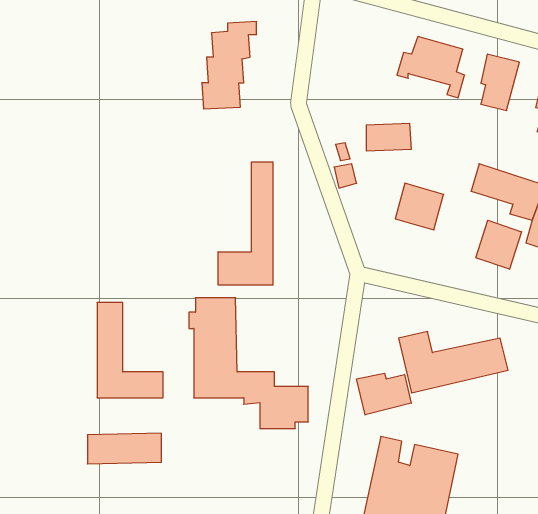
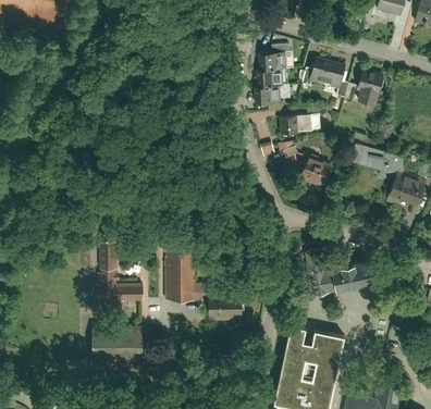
building: [202,22,257,109] -> [254,45,291,103]
building: [218,162,273,285] -> none
building: [476,220,522,269] -> none
building: [357,373,411,415] -> none

